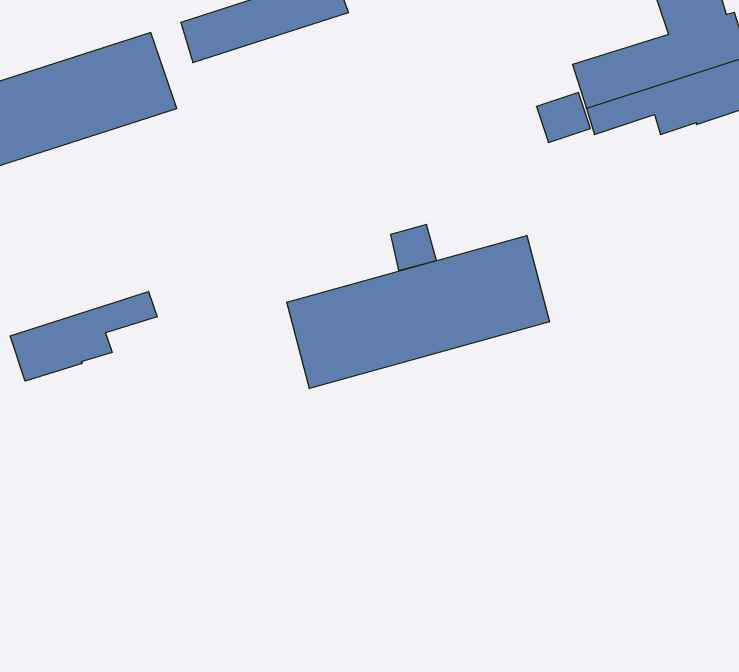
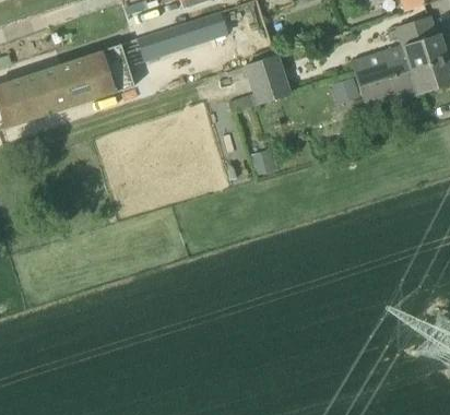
building: none -> [247,52,291,104]
building: [287,235,550,389] -> none
building: [10,291,157,381] -> none

